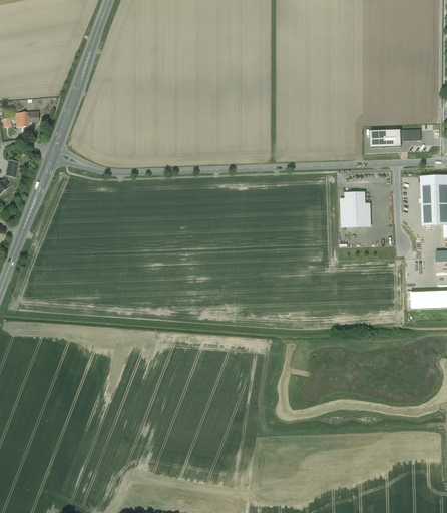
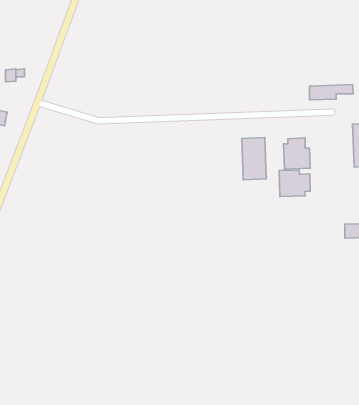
building: none -> [242,138,266,180]
building: none -> [279,170,310,197]

